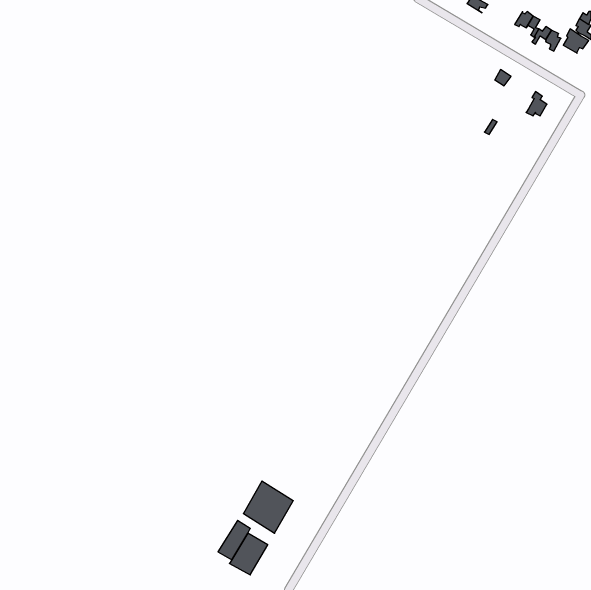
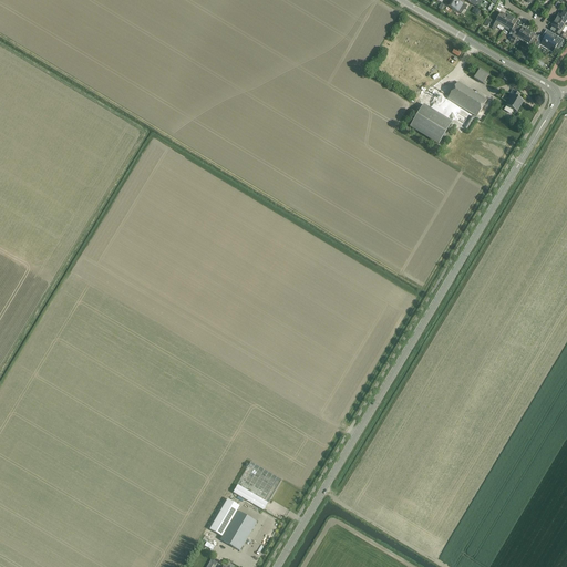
building: none -> [446,81,485,114]
building: none -> [409,103,451,143]

